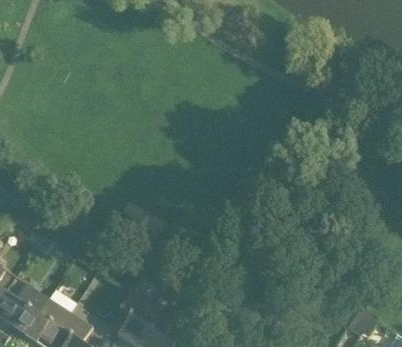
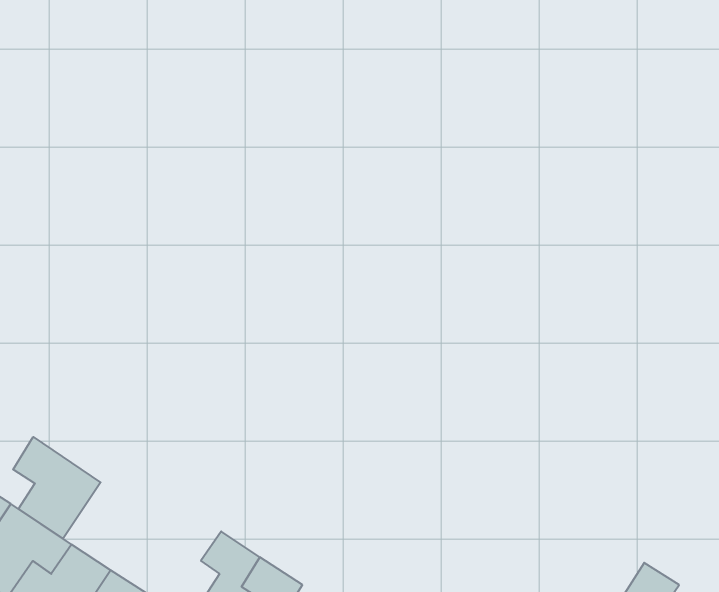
building: none -> [13,437,101,539]

